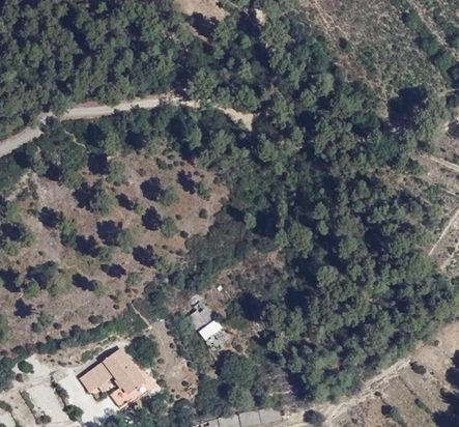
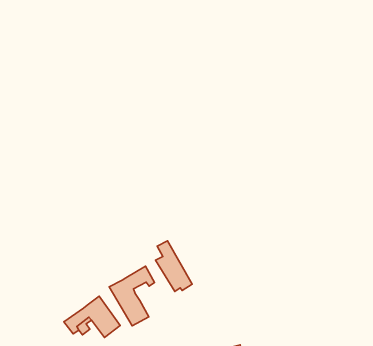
building: none -> [109,266,155,326]

